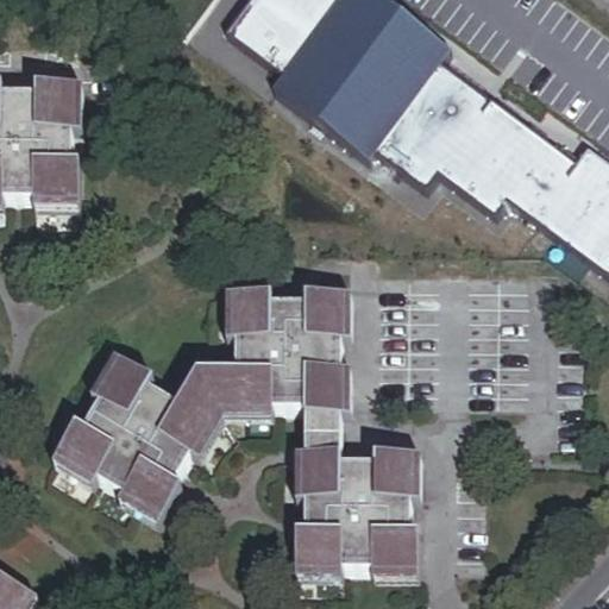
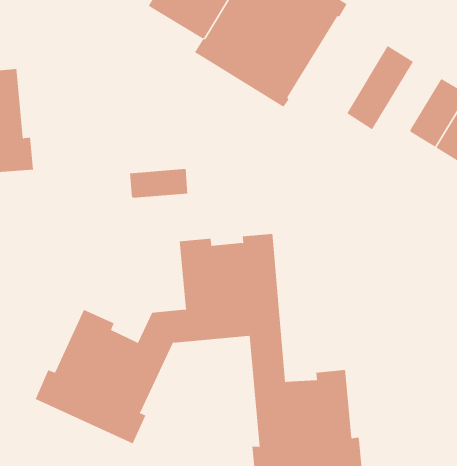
building: [372,58,489,184] -> none
building: [464,117,546,211] -> none
building: none -> [129,168,188,199]

